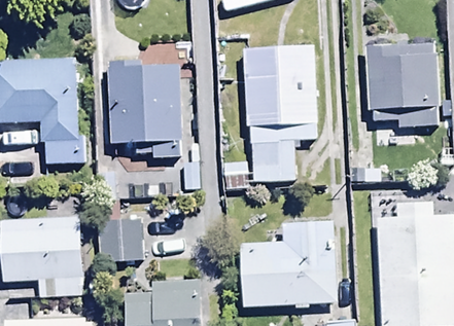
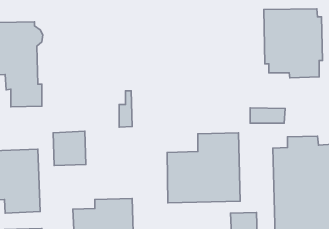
building: [241,44,319,183] -> none
building: [107,60,181,158] -> none

